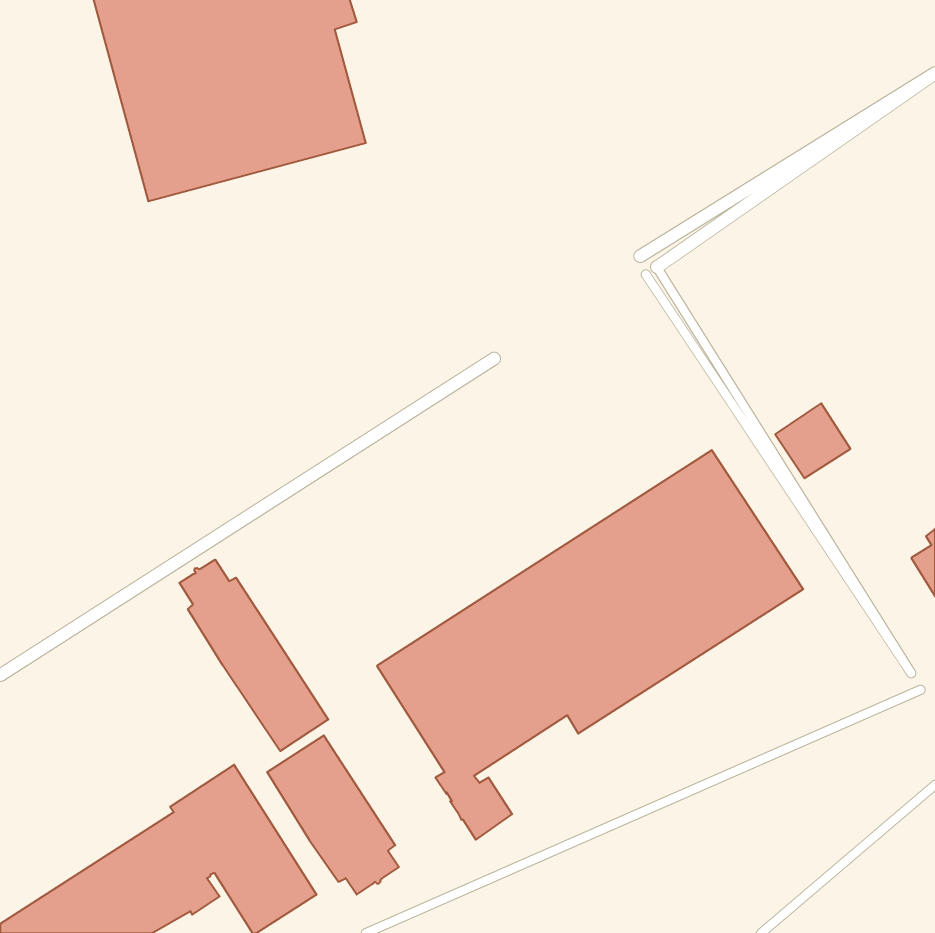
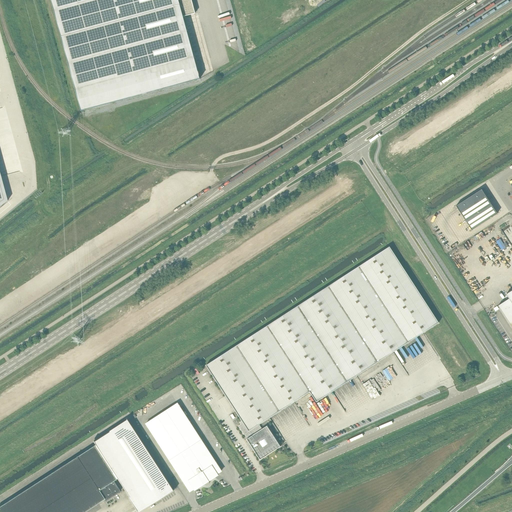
building: [775,403,850,478] -> [456,188,497,229]
building: [179,560,328,751] -> none

